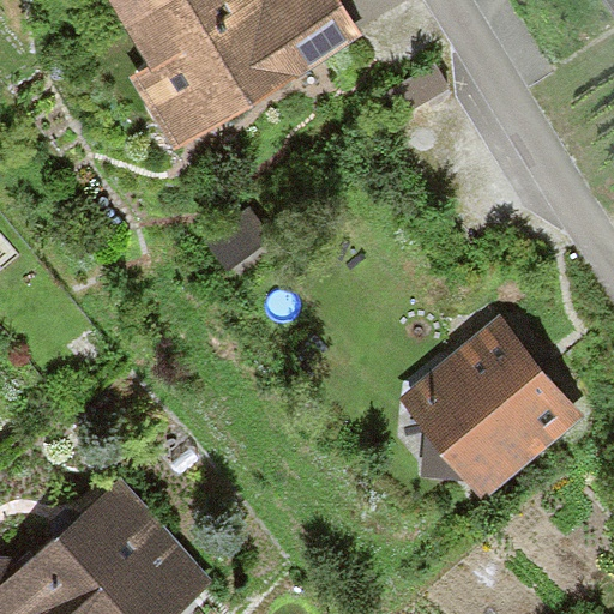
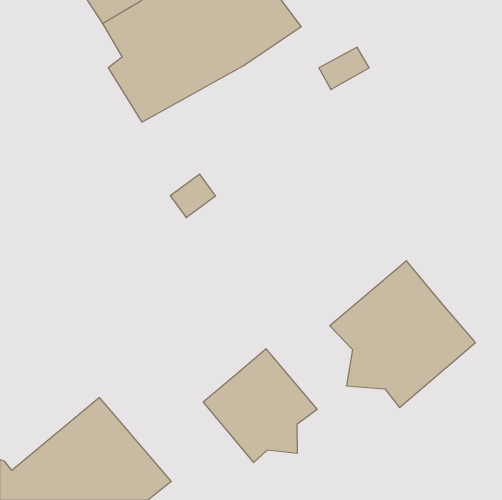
building: none -> [203,349,317,463]

